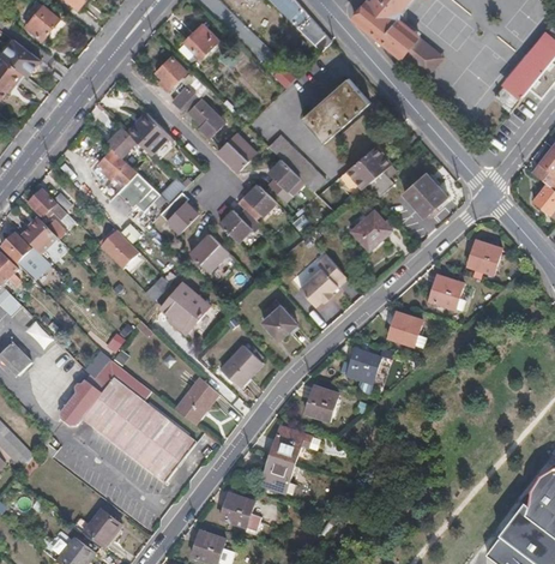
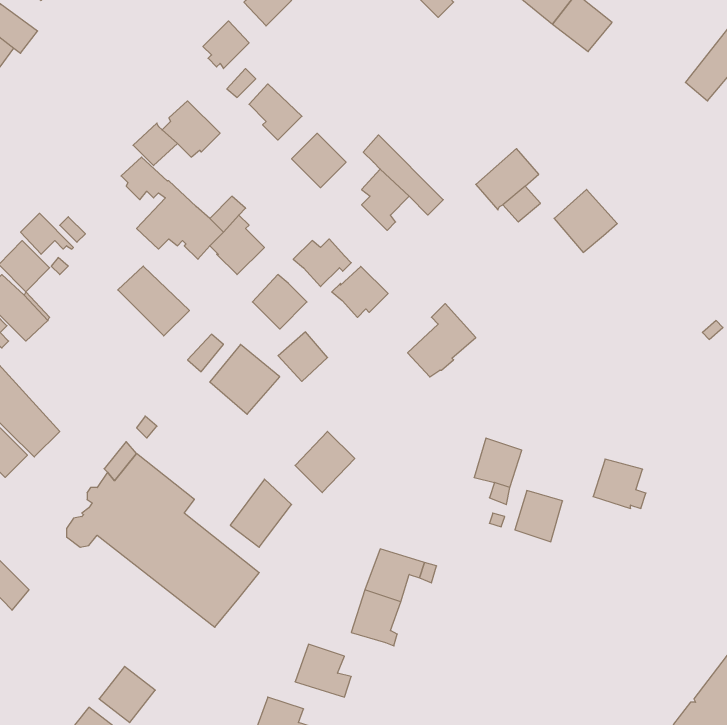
building: [302,78,368,142] -> none
building: [236,184,276,220] -> [332,266,388,317]
building: [350,210,391,250] -> none
building: [466,240,500,275] -> none
building: [428,275,463,310] -> none
building: [261,305,296,340] -> [278,332,328,381]
building: [387,312,424,347] -> [593,459,646,508]
building: [304,385,338,421] -> [515,491,563,542]

